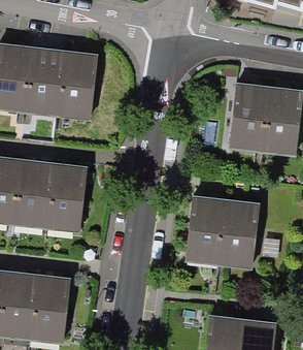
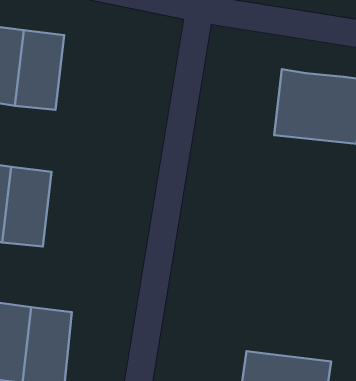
building: [53,55,93,120] -> none
building: [42,166,82,231] -> none
building: [186,194,259,258] -> none

